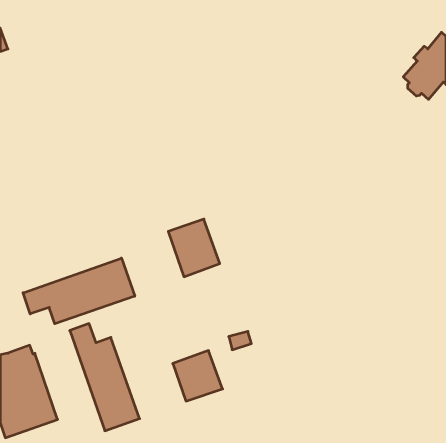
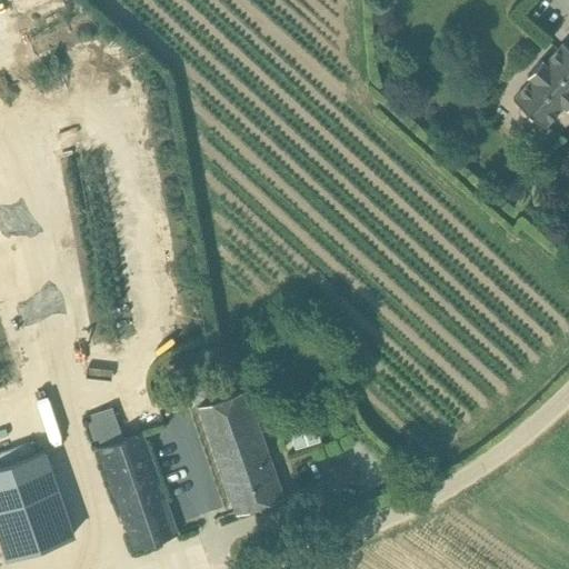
building: [168,219,220,277] -> [200,393,266,467]
building: [23,258,135,324] -> none

